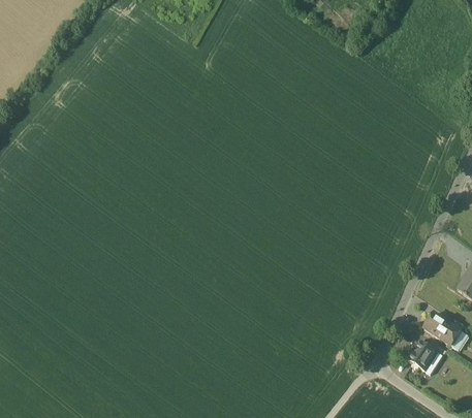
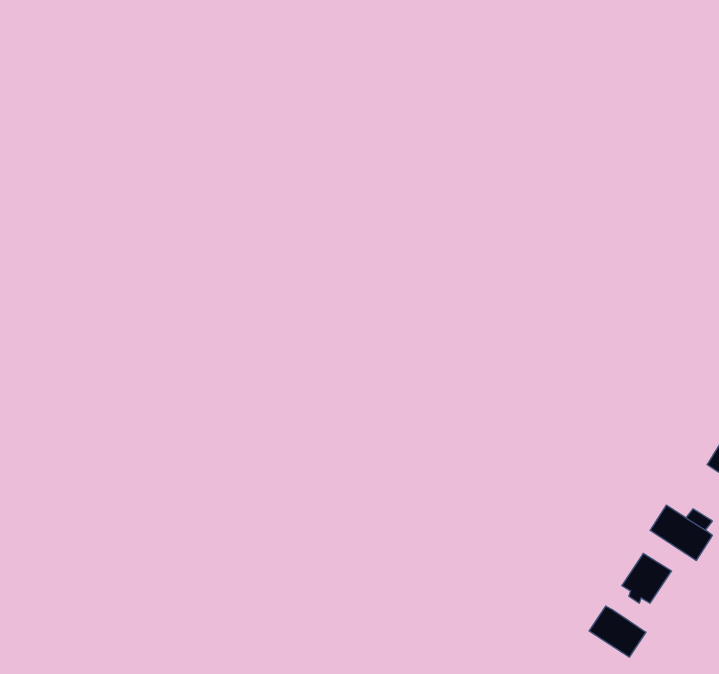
building: none -> [589,606,646,657]

